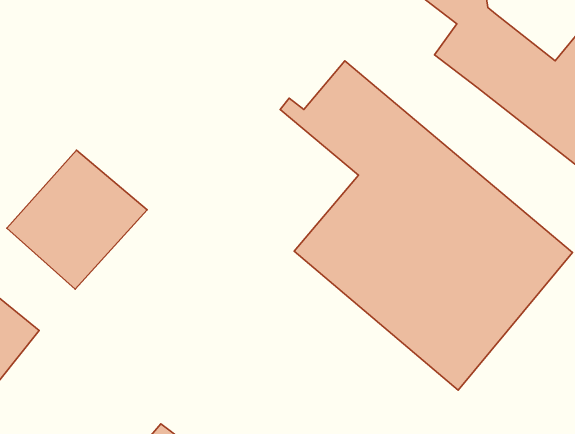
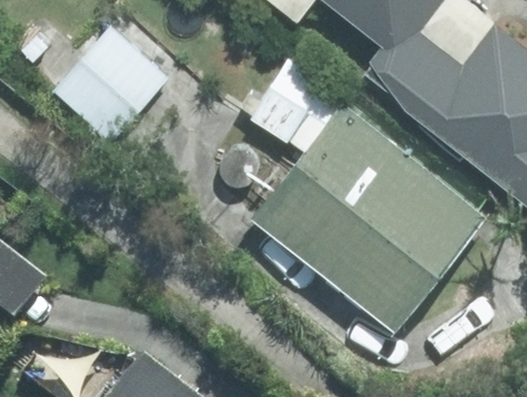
building: [7,150,147,289] -> [50,29,167,144]

